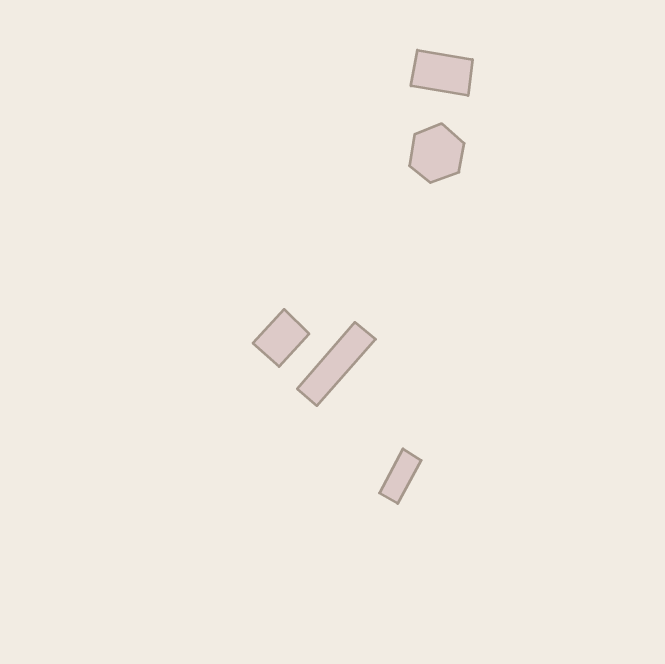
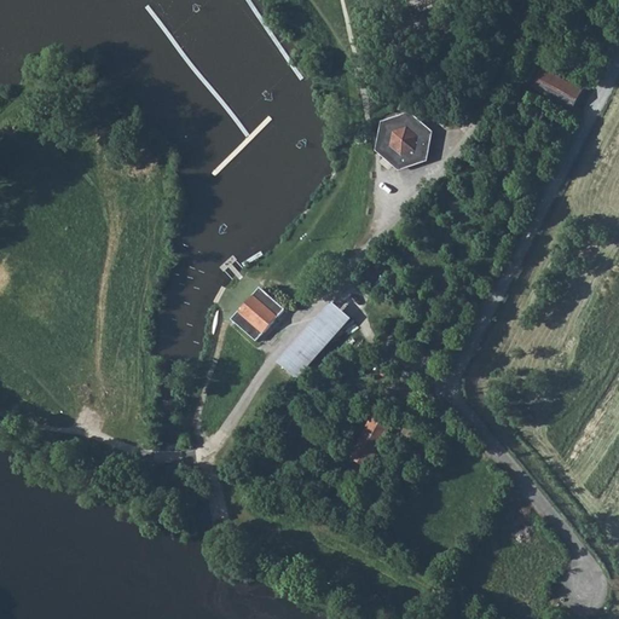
building: [411,50,472,96] -> none
building: none -> [532,69,579,106]

